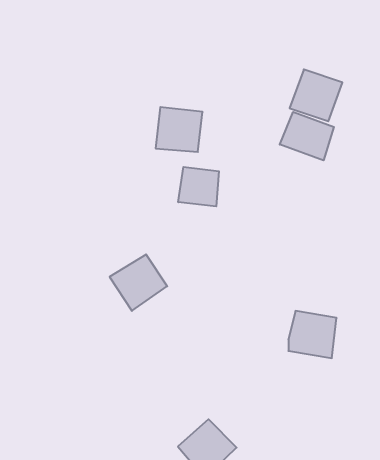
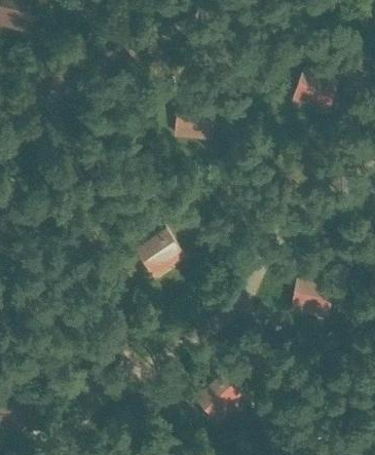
building: [280,112,334,160] -> none
building: [178,167,219,206] -> none

